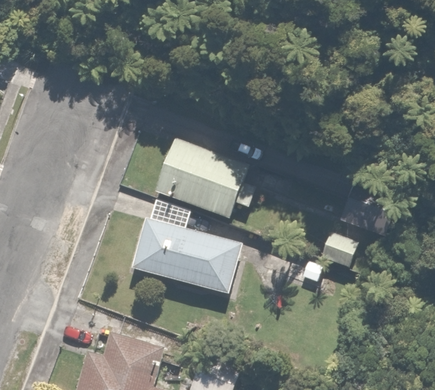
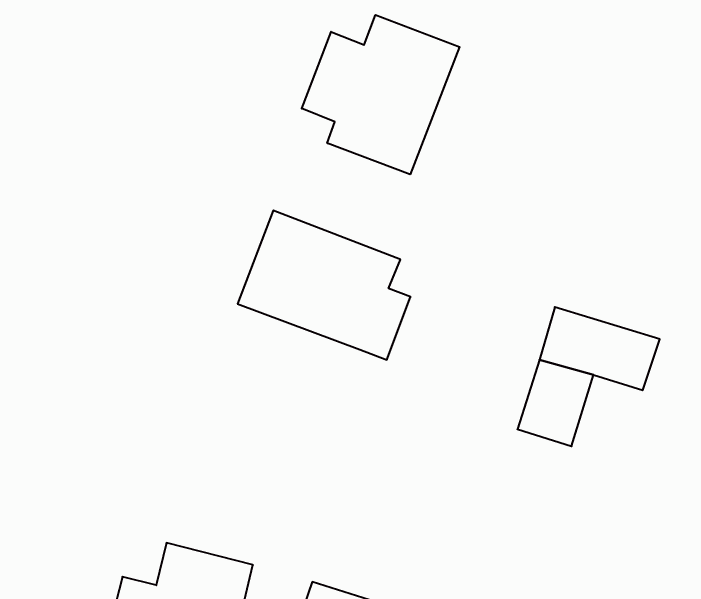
building: none -> [302,15,460,174]
building: [131,204,240,294] -> none

